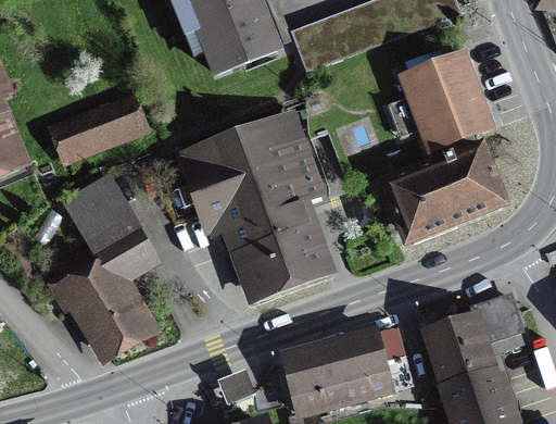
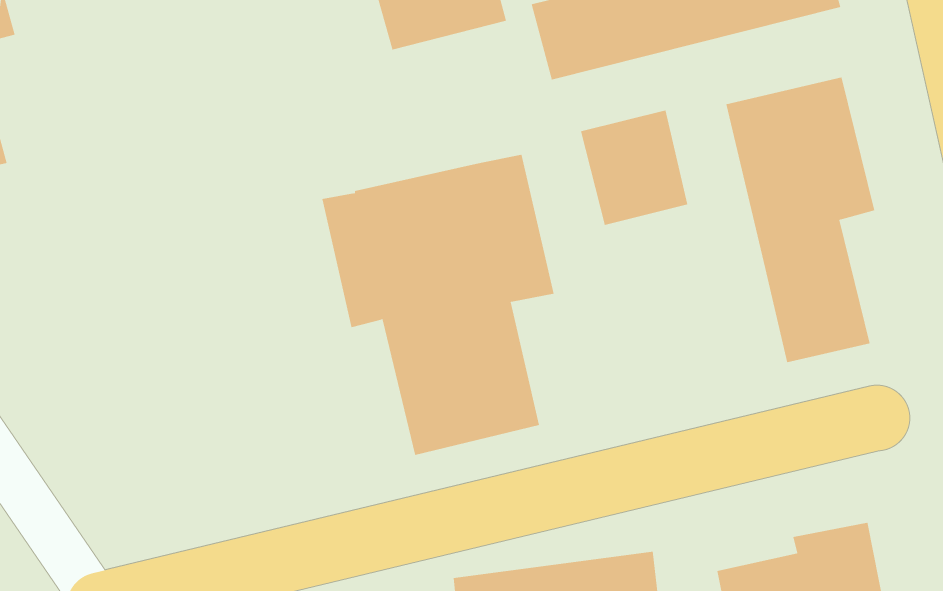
building: [53,93,147,159] -> none
building: [390,163,454,230] -> [580,110,688,226]
building: [49,175,154,348] -> none

